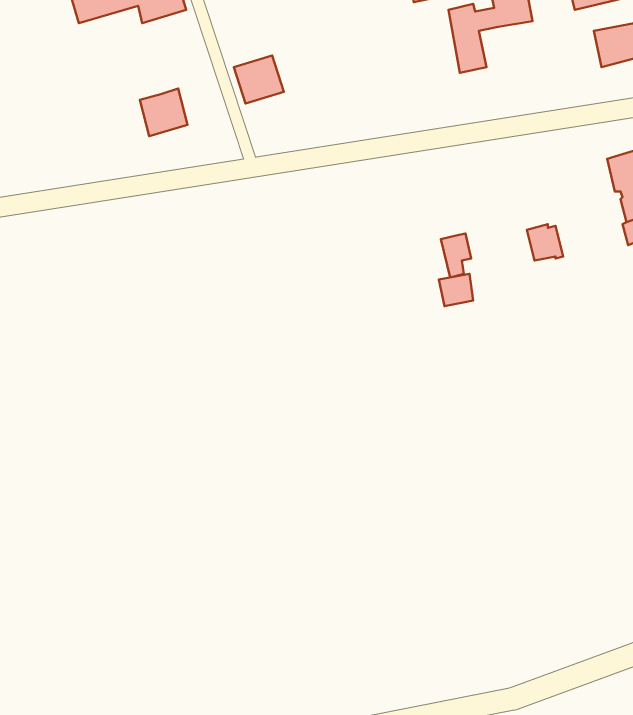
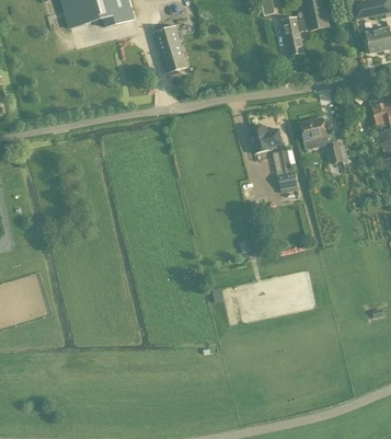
building: [140,88,188,136] -> [154,24,182,51]
building: none -> [300,116,329,148]
building: none -> [250,125,284,151]

